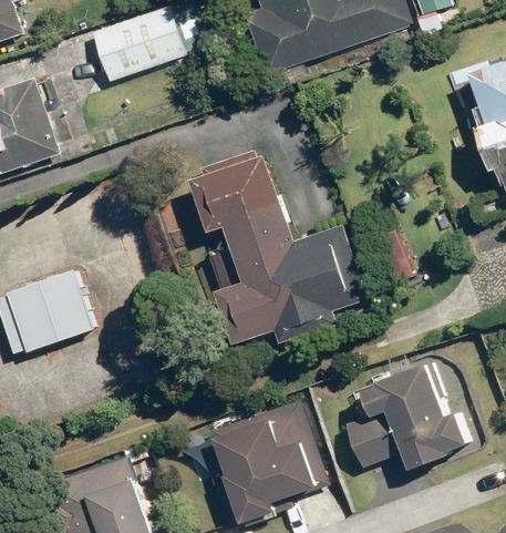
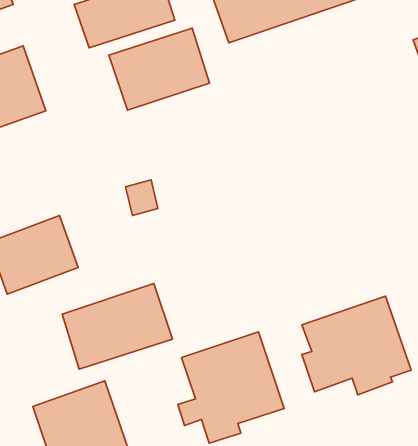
building: none -> [109,28,209,110]
building: [189,150,365,346] -> none
building: none -> [62,284,173,369]

